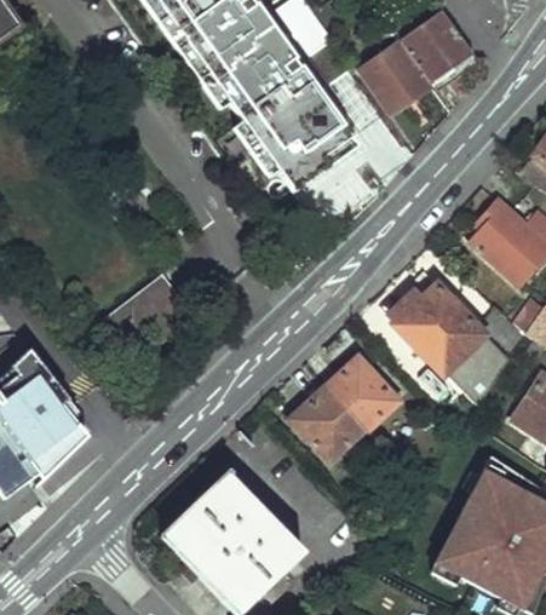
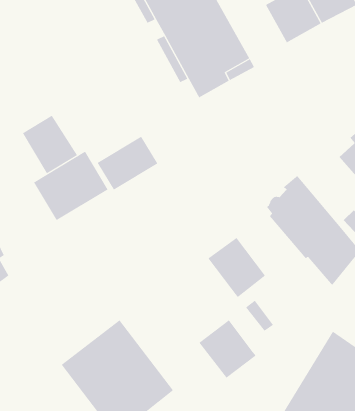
building: none -> [22,115,78,174]
building: none -> [97,136,158,191]
building: [292,385,364,458] -> [199,320,257,379]

